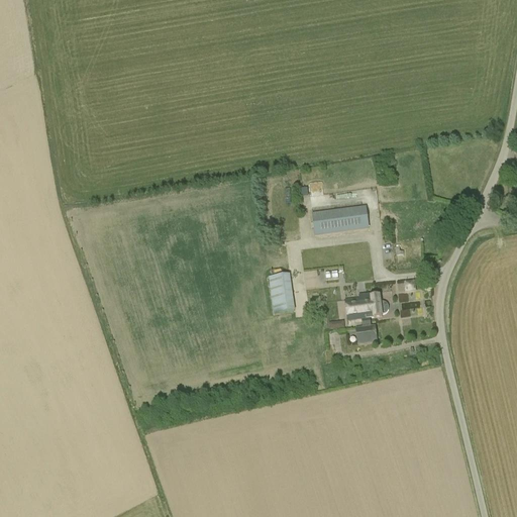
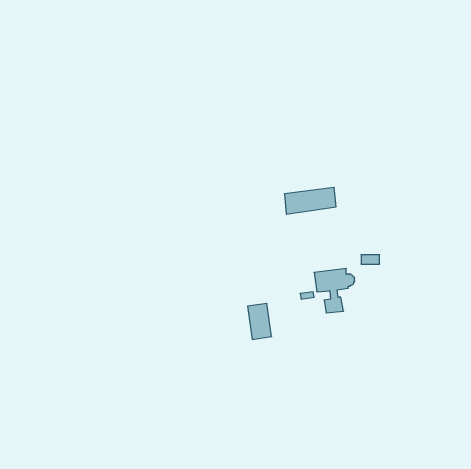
building: [268,273,294,312] -> [248,303,272,339]

